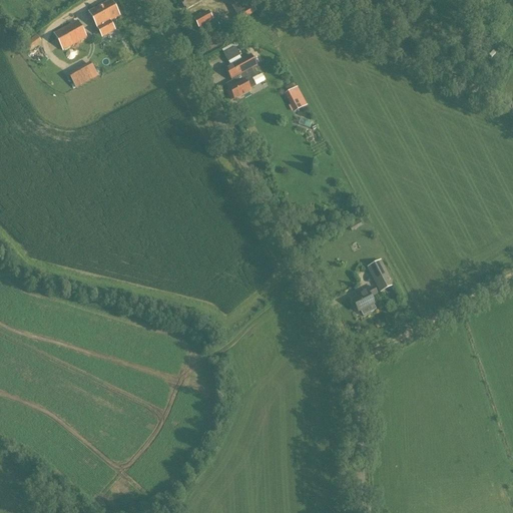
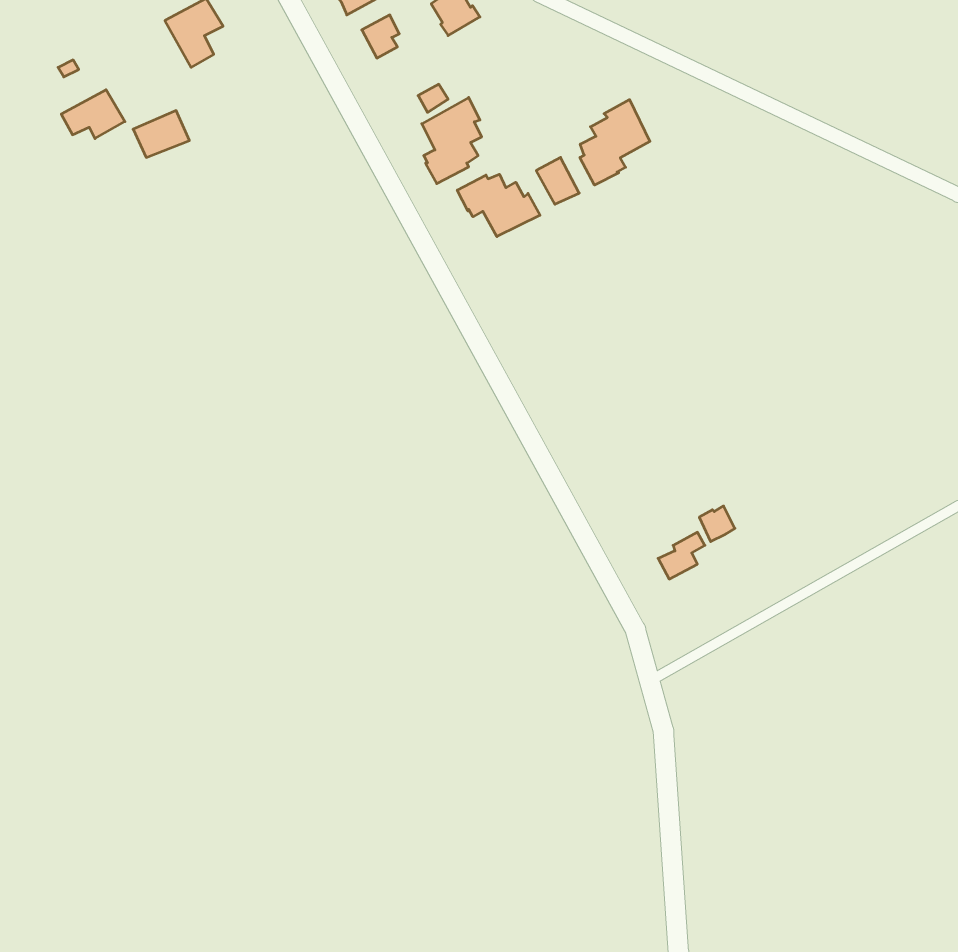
building: [53,18,87,44] -> [61,90,125,139]
building: none -> [580,100,650,185]
building: none -> [457,174,540,237]

